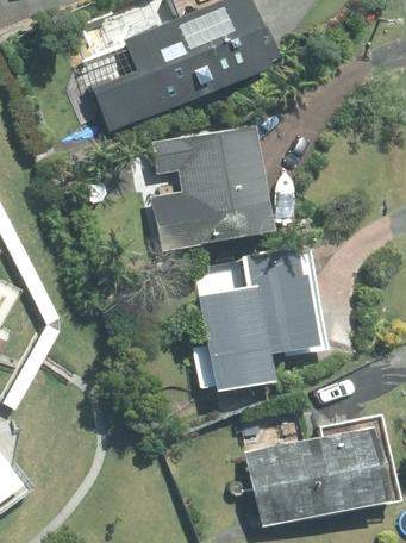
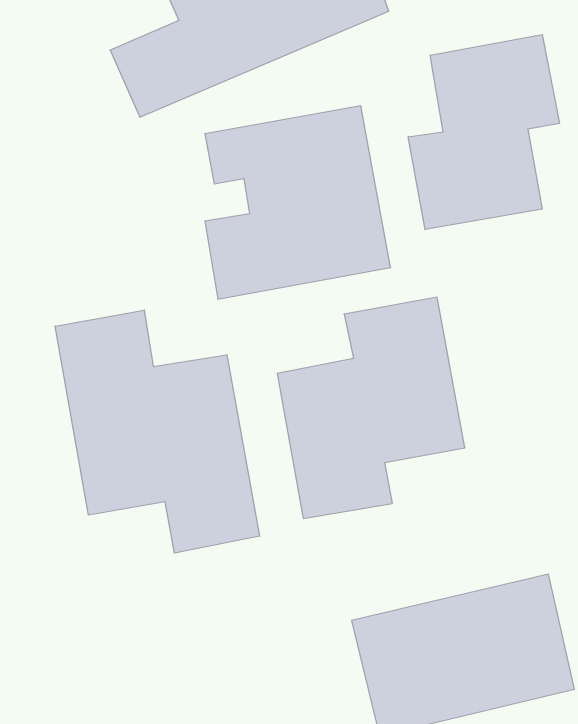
building: none -> [408,35,559,230]
building: none -> [55,310,259,553]

